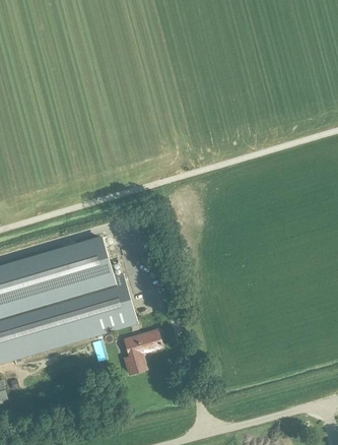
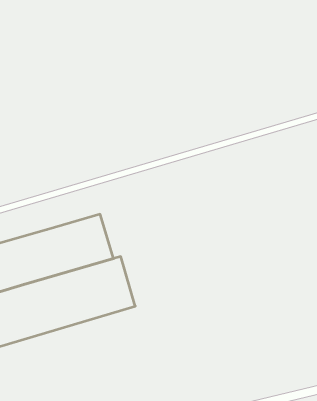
building: [124,331,161,375] -> none

